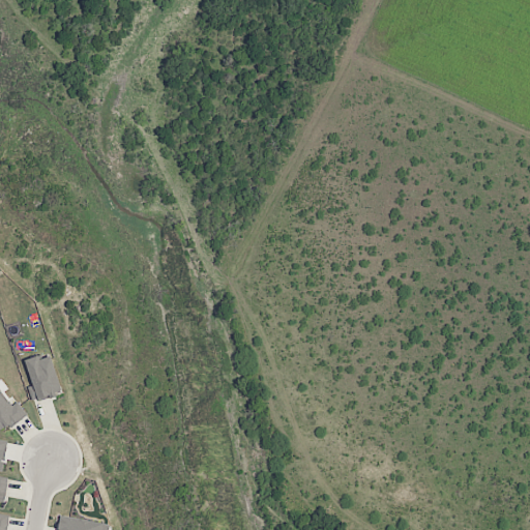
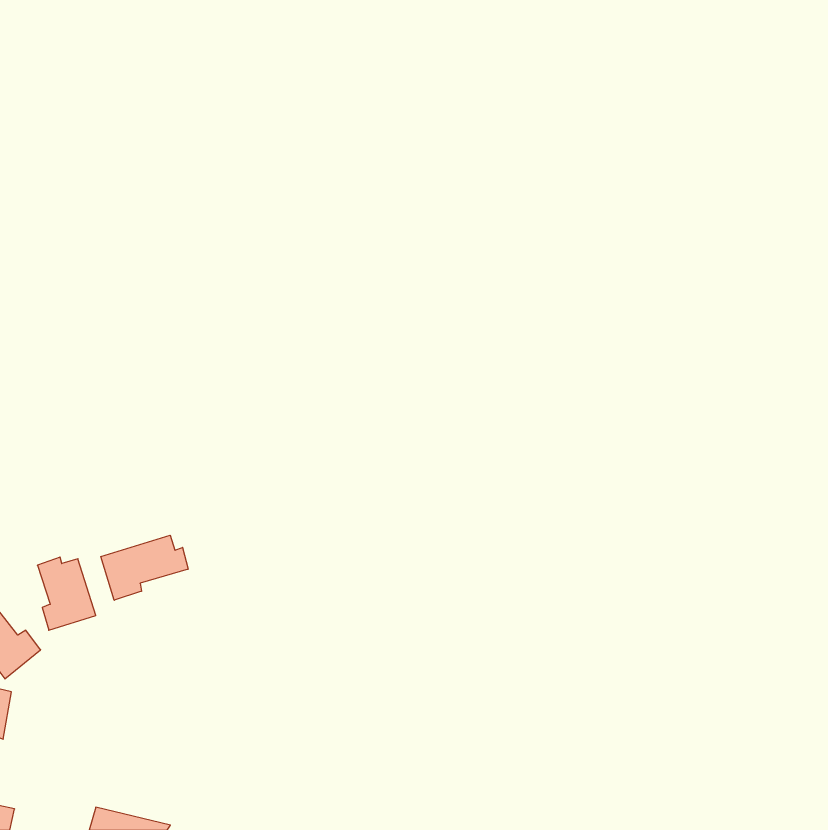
building: none -> [101,535,188,600]

